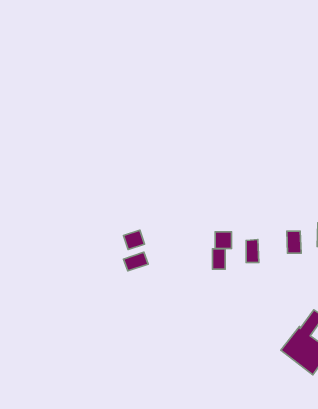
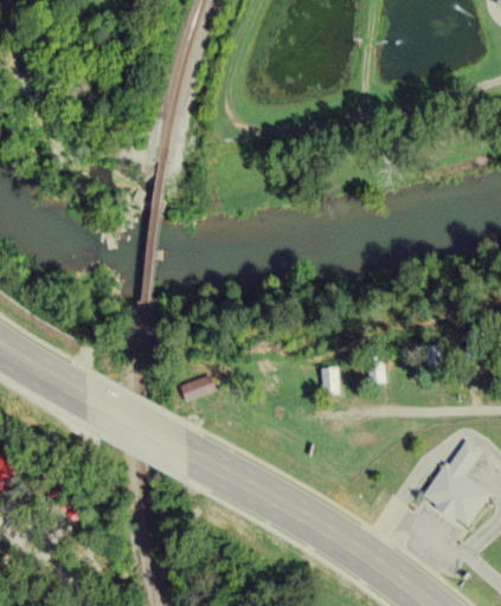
building: [124,230,144,250] -> none
building: [215,232,232,248] -> none

